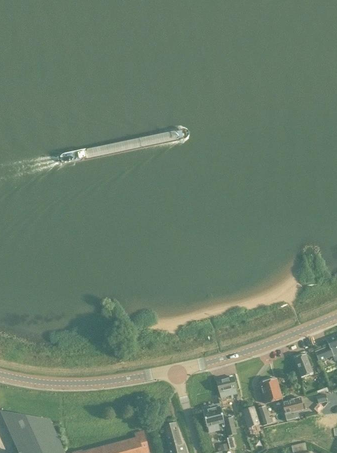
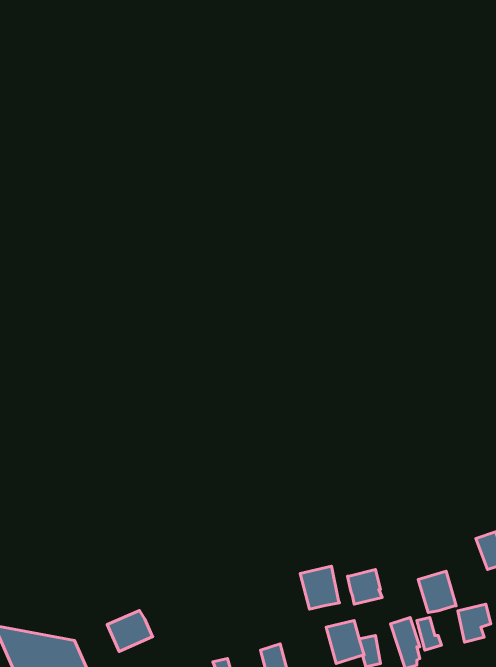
building: none -> [300,566,339,609]
building: none -> [107,610,153,652]

